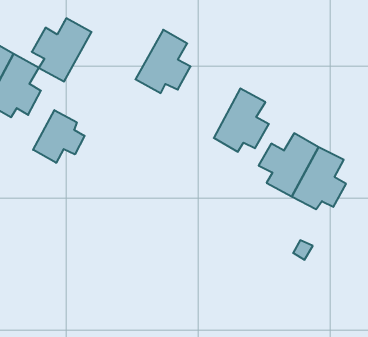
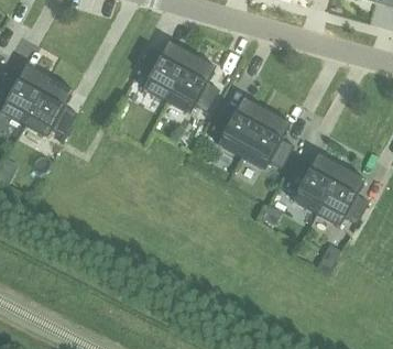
building: [32,18,92,82] -> [135,40,193,100]
building: none -> [210,96,266,156]
building: [33,110,85,163] -> none

